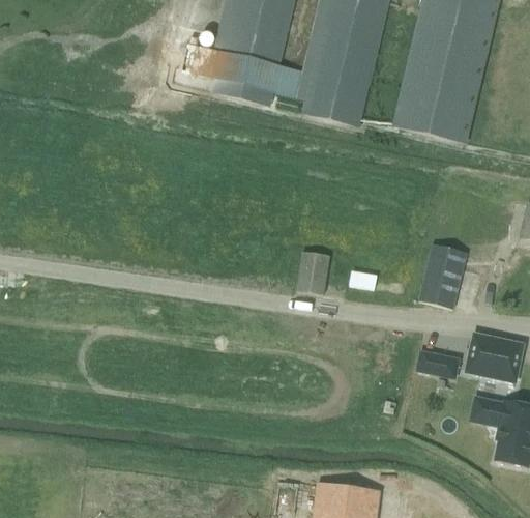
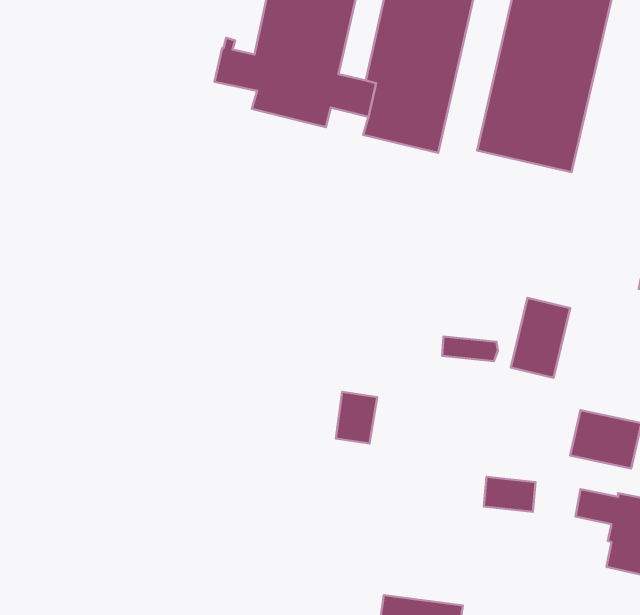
building: [296,252,329,293] -> [336,392,377,444]
building: [416,349,458,377] -> [484,477,536,512]

